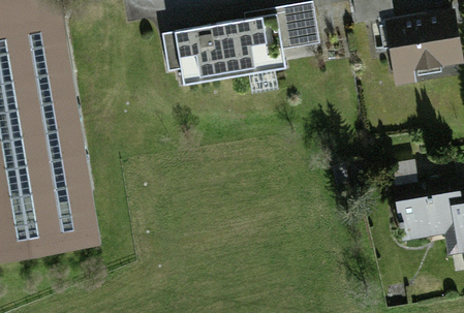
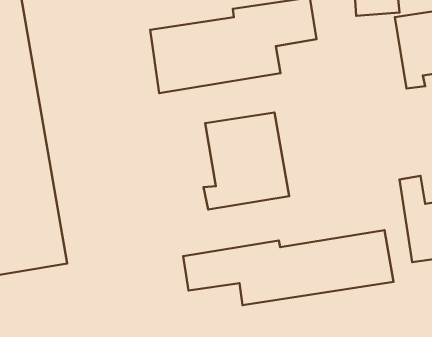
building: none -> [204,113,289,209]
building: none -> [183,230,394,305]

